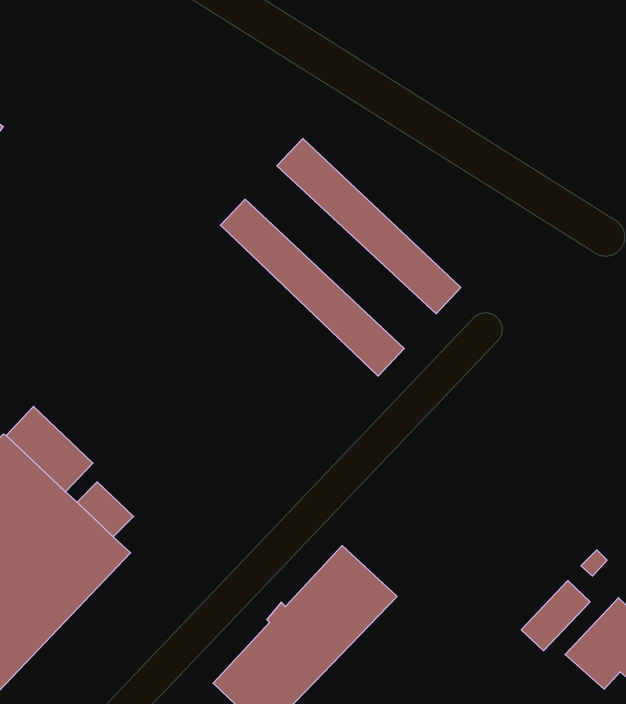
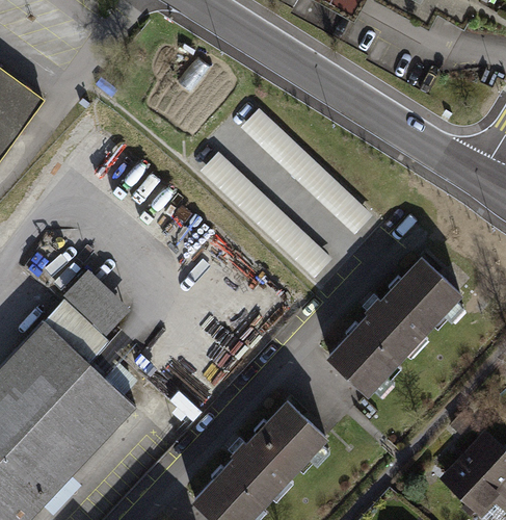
building: none -> [329,258,461,393]
building: none -> [70,276,126,331]
building: [521,581,590,651] -> none

